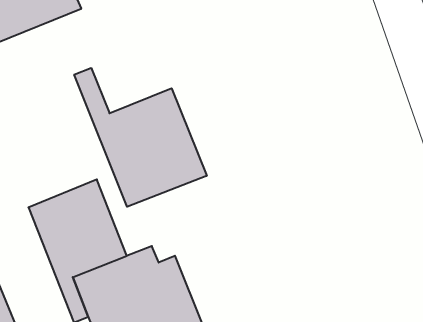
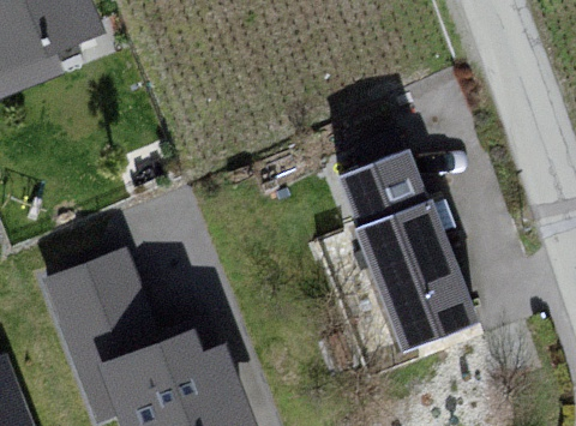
building: [74,68,207,207] -> none
building: none -> [329,154,478,355]

